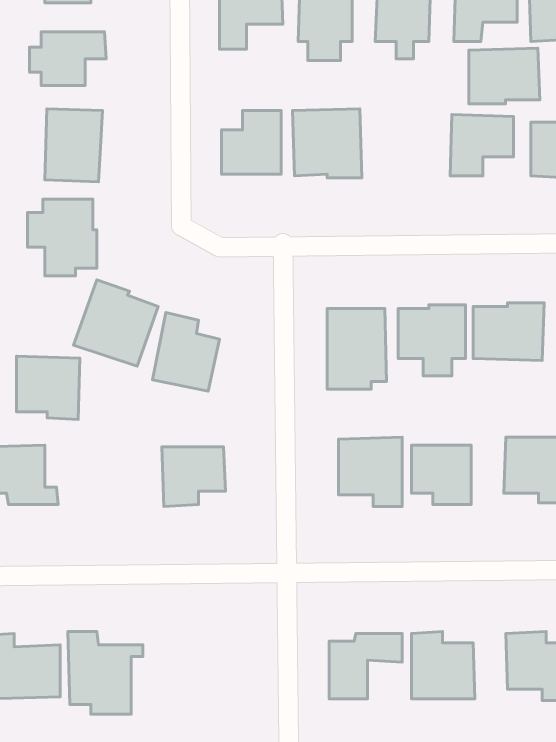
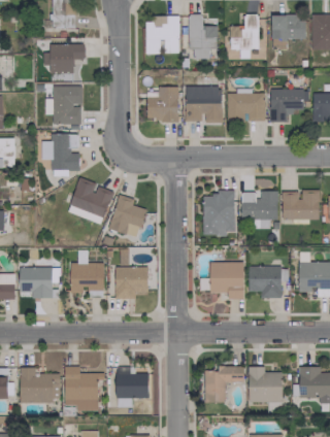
building: [469,48,540,104] -> [227,93,265,123]
building: [17,356,80,420] -> [70,263,104,297]
building: none -> [117,367,148,407]

